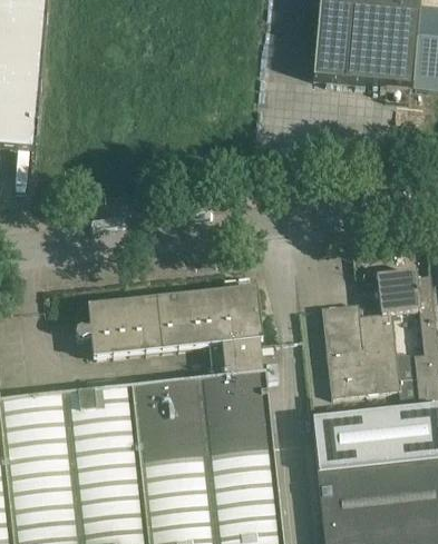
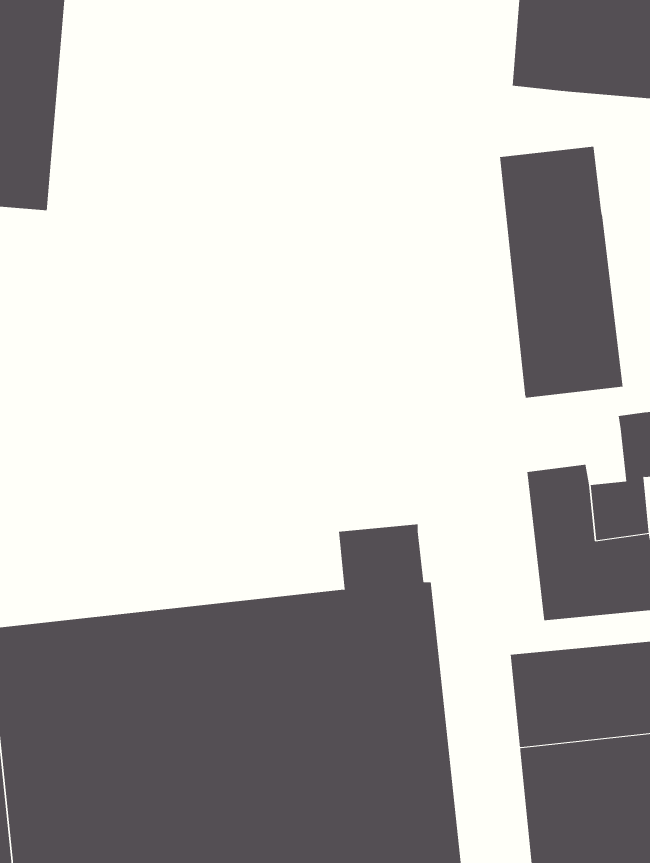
building: none -> [500,146,623,398]
building: [75,288,261,354] -> none

